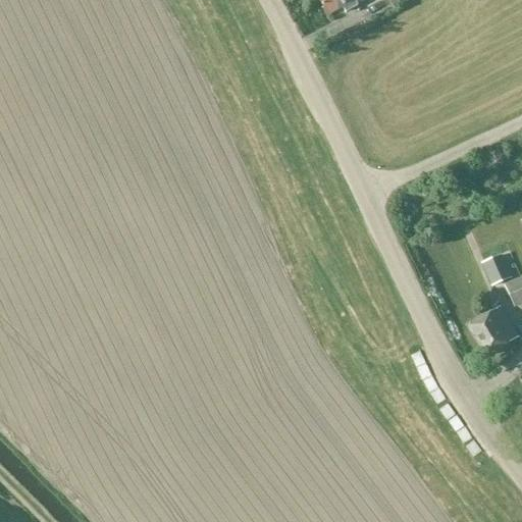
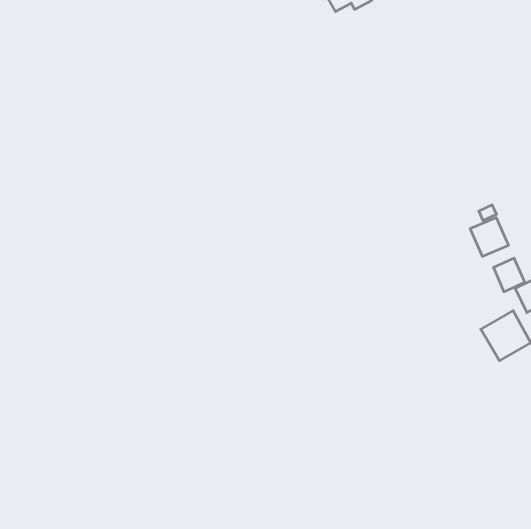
building: none -> [470,218,508,256]

